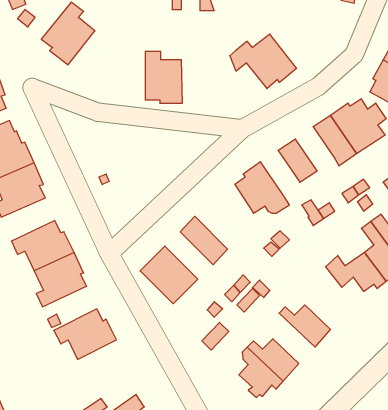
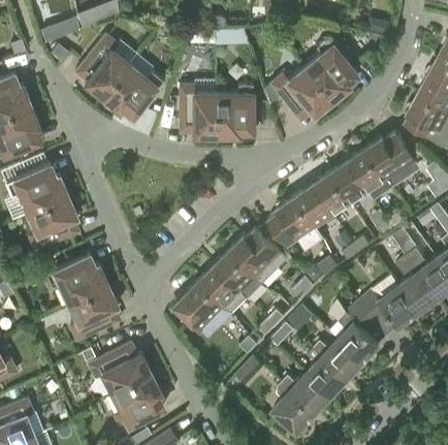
building: none -> [305,37,358,100]
building: none -> [102,63,163,117]
building: none -> [216,84,253,135]
building: none -> [330,159,370,203]
building: none -> [295,183,334,226]
building: none -> [229,227,287,282]
building: none -> [199,264,248,312]
building: none -> [339,299,379,362]
building: none -> [308,346,350,396]
building: none -> [111,373,164,428]

